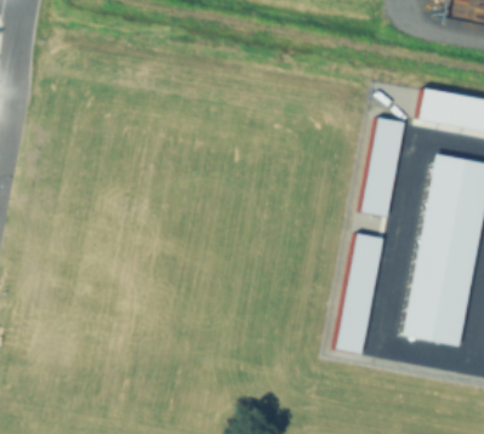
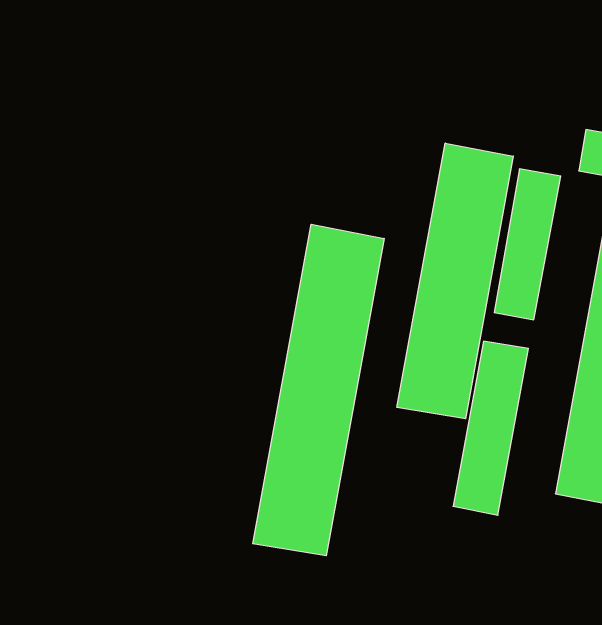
building: none -> [397,143,513,419]
building: none -> [253,224,384,556]

